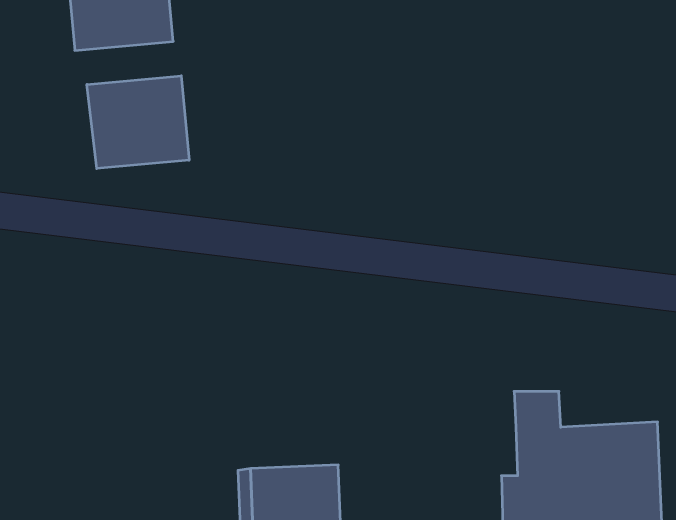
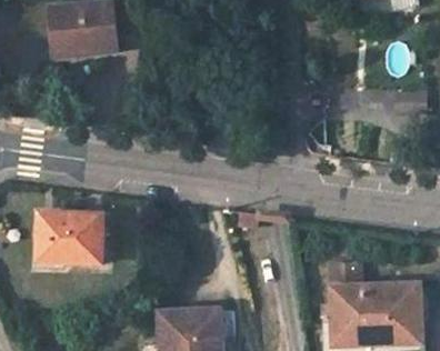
building: [87,76,189,169] -> none
building: none -> [37,212,100,263]

